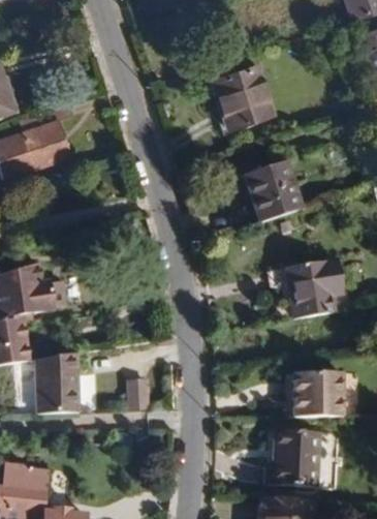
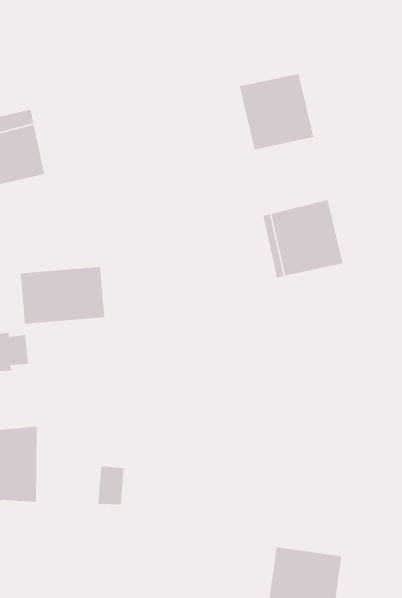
building: none -> [20,266,105,324]
building: [285,260,343,320] -> none
building: [292,374,343,419] -> none

